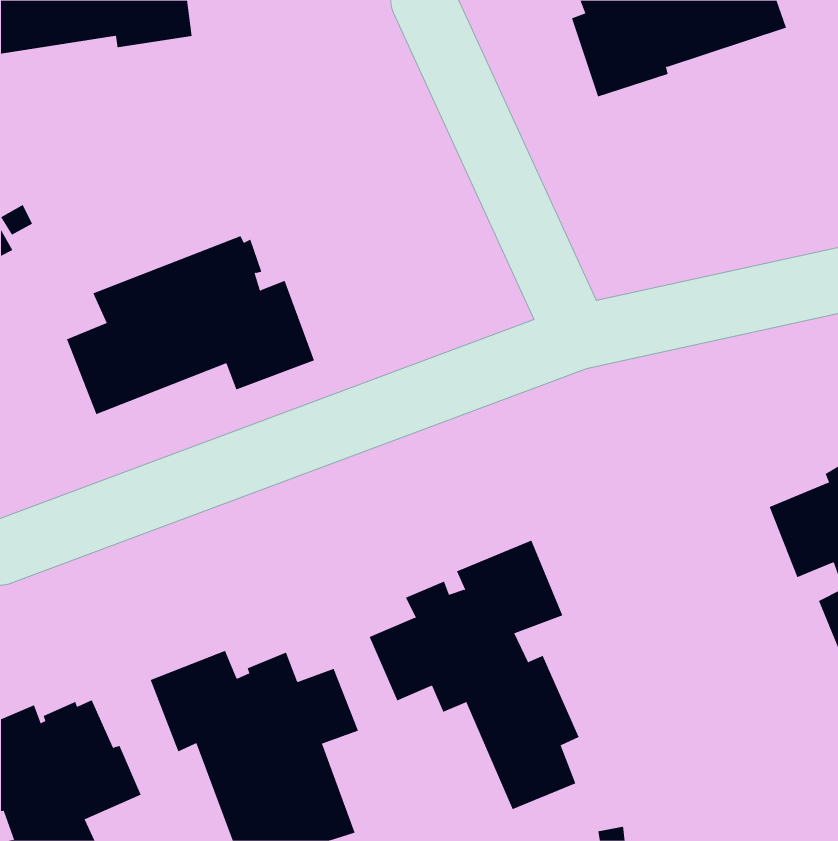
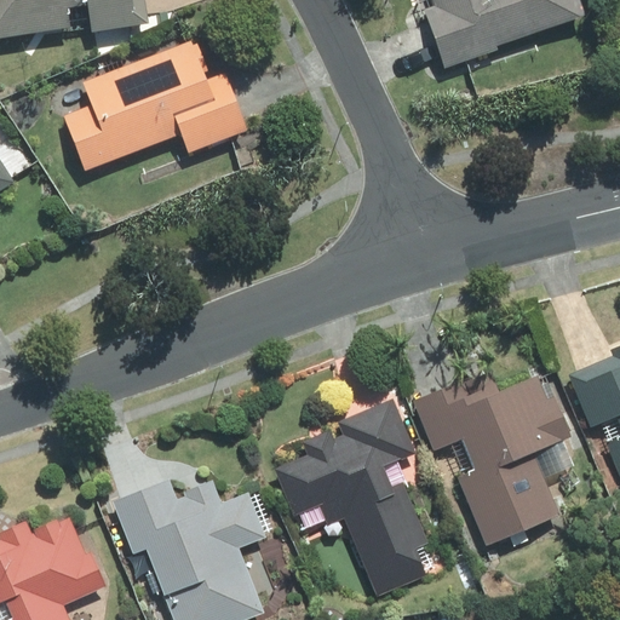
building: [66,236,315,415] -> [62,42,245,174]
building: none -> [412,369,570,544]

